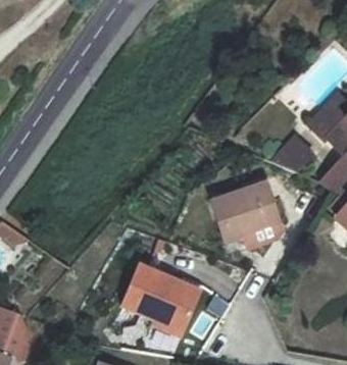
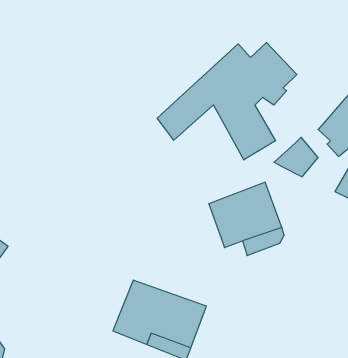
building: none -> [157,43,297,160]

